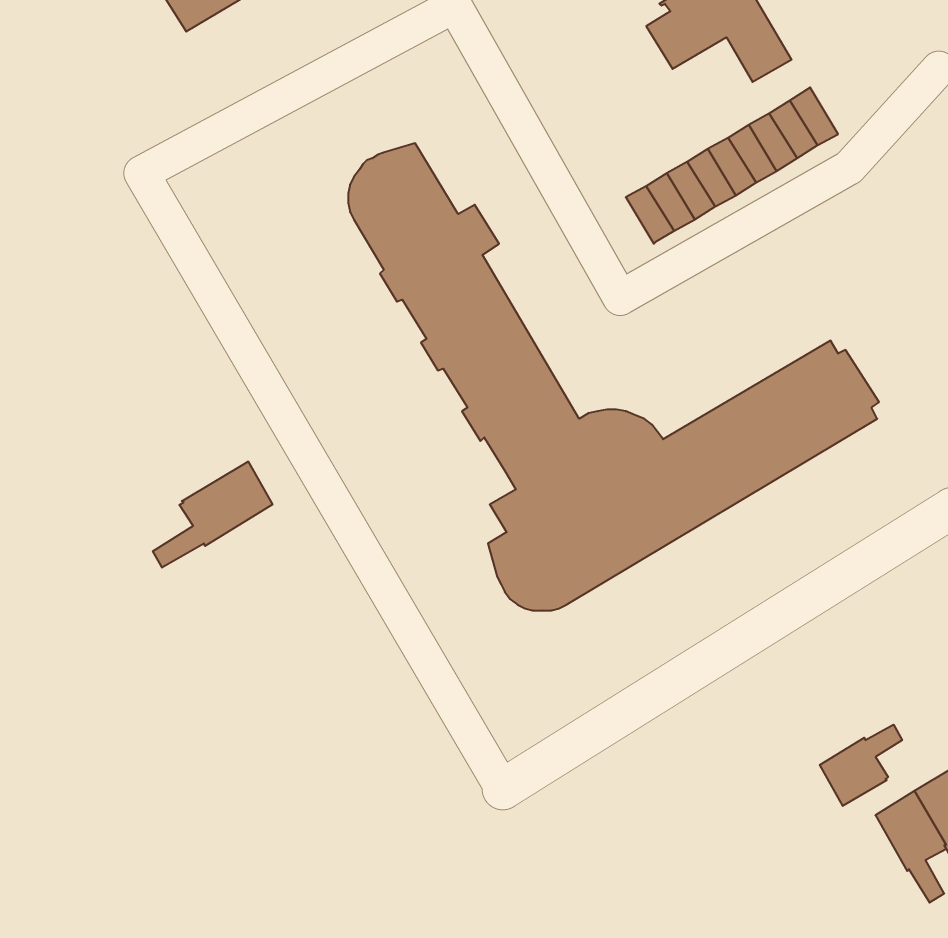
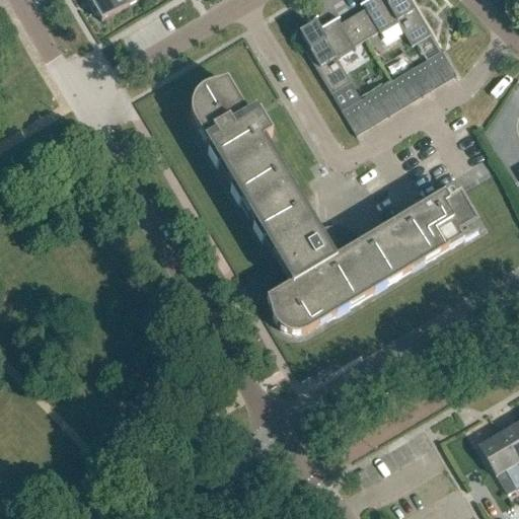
building: none -> [300,14,368,91]
building: [153,461,272,568] -> none
building: [820,725,902,806] -> none

